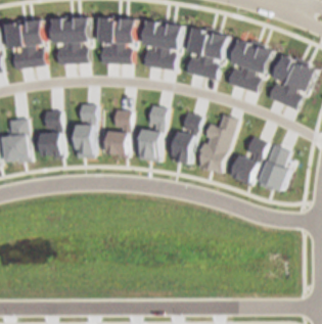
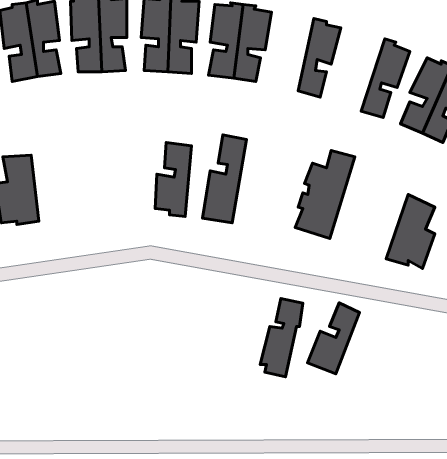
building: [184,27,209,76] -> none
building: [225,39,255,89] -> none
building: [74,104,95,157] -> none
building: [39,110,61,157] -> none
building: [171,112,198,164] -> [260,298,303,377]
building: [230,136,264,182] -> [308,303,359,374]

